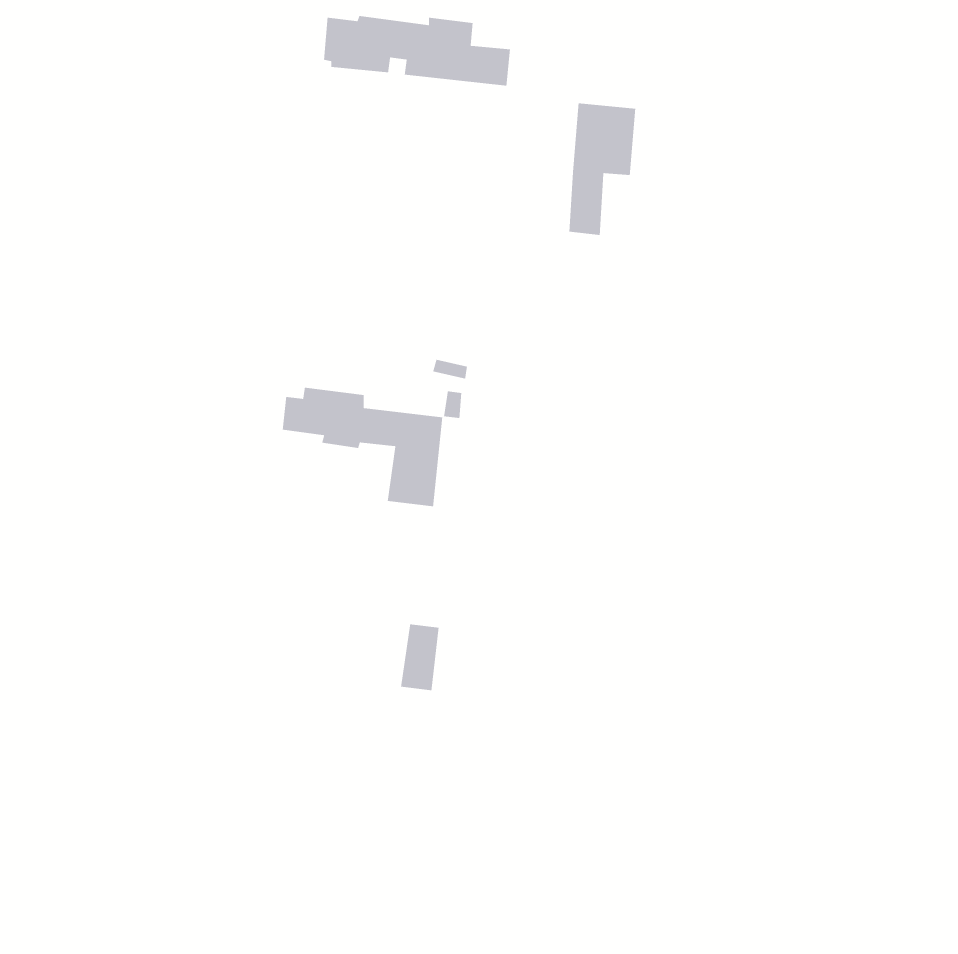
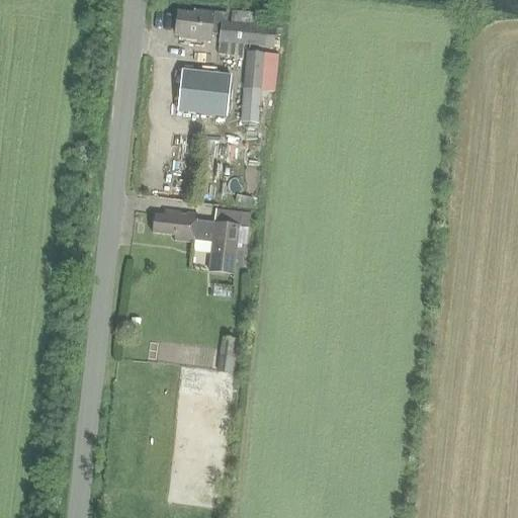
building: [569,103,636,236] -> [241,51,277,122]
building: none -> [176,68,231,116]

